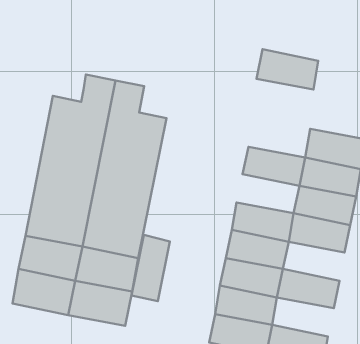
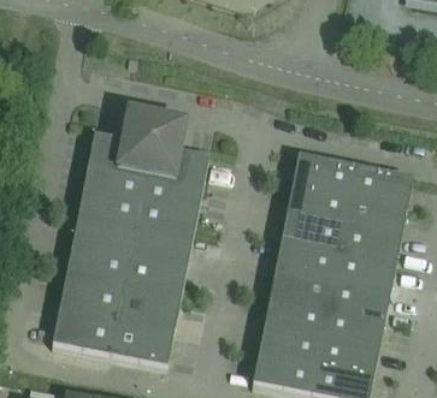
building: [256,49,318,89] -> [293,154,355,195]
building: none -> [280,212,344,251]
building: [131,235,170,301] -> none
building: none -> [327,280,390,320]
building: none -> [317,337,379,376]

